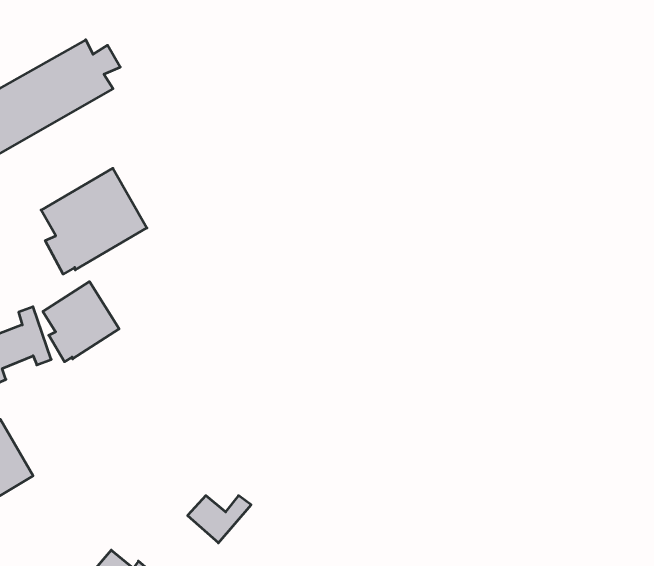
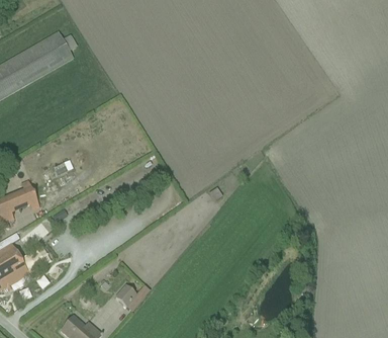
building: [41,168,147,274] -> none
building: [43,282,119,362] -> none

